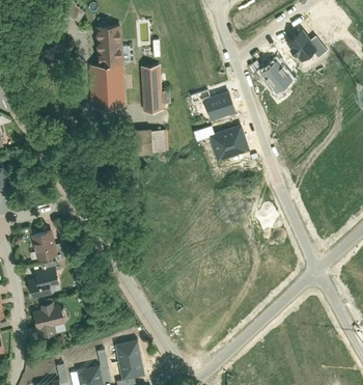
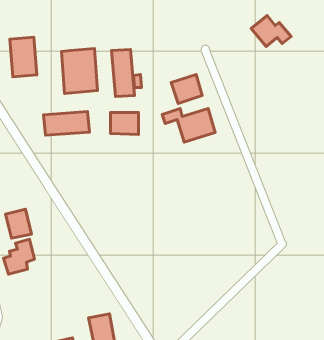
building: [94,24,122,65] -> [10,37,37,77]
building: [260,61,291,93] -> none
building: none -> [43,112,89,135]
building: [32,304,67,337] -> none

